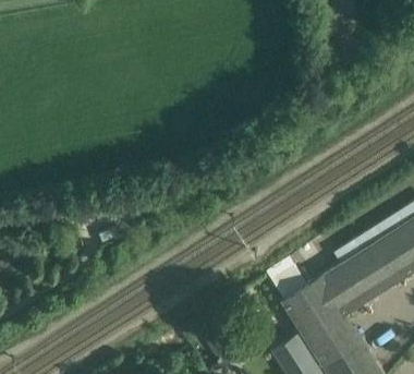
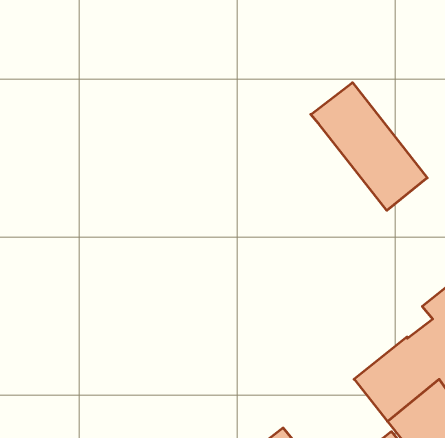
building: none -> [311,83,427,210]

